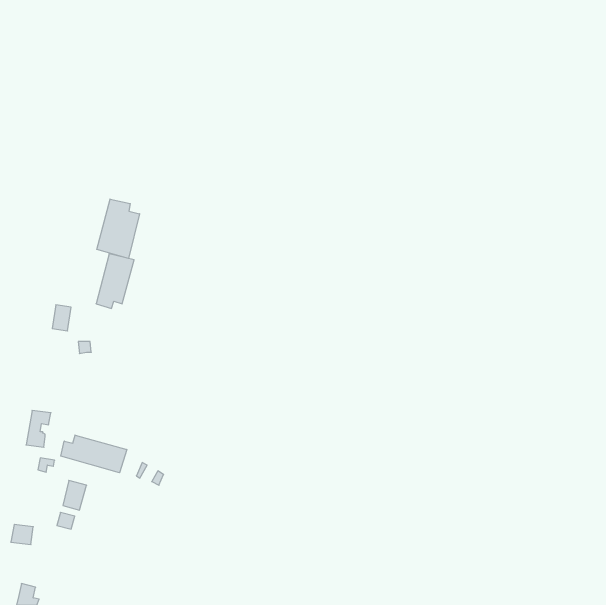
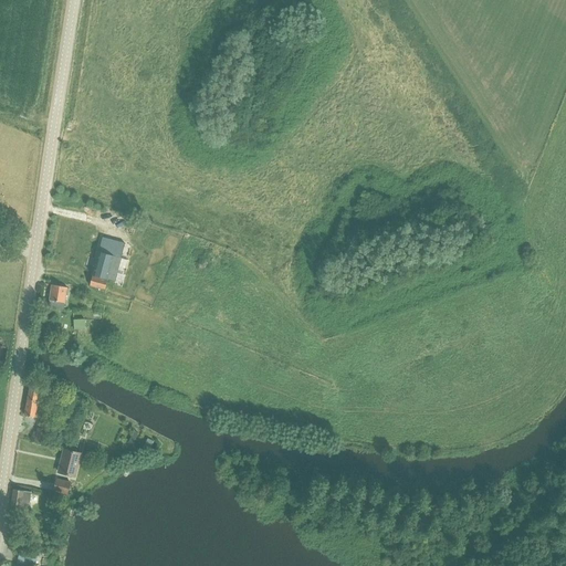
building: [97,199,140,258] -> none
building: [61,435,127,473] -> none

